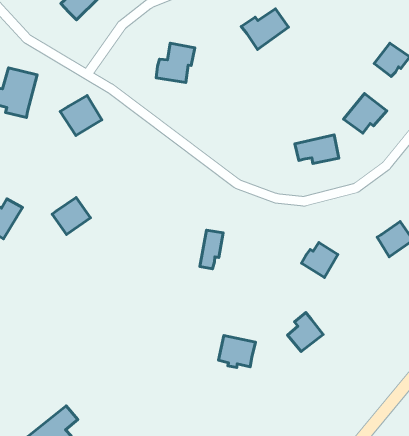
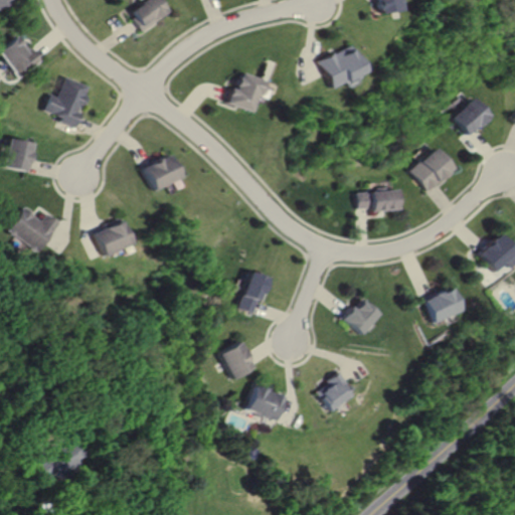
building: [60,96,102,136] -> [139,153,181,193]
building: none -> [219,340,259,380]

